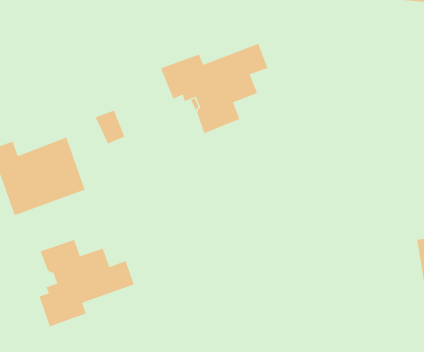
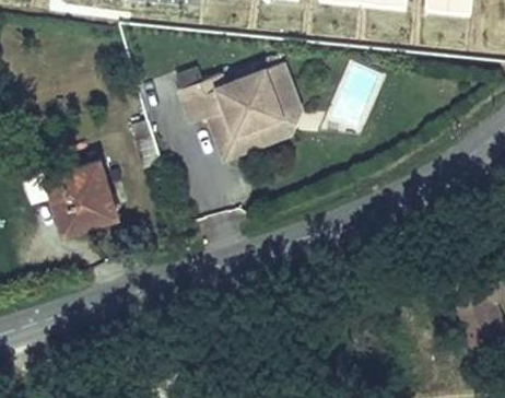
building: none -> [263,83,307,137]
building: [39,239,135,327] -> none

